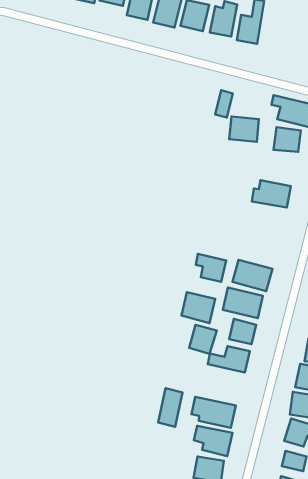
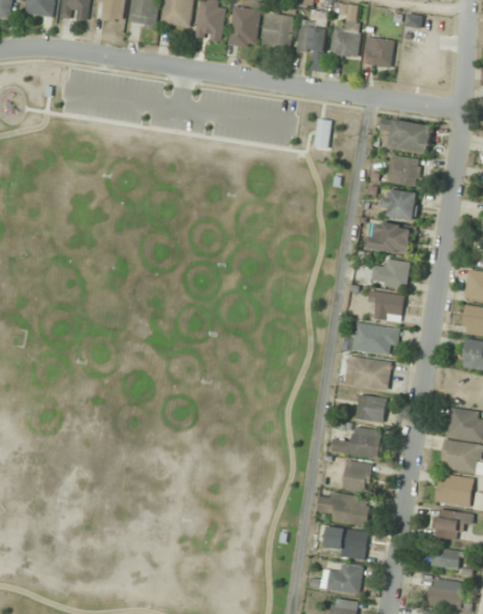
building: none -> [362,35,396,68]
building: [229,117,259,142] -> [384,191,417,218]
building: none -> [386,260,409,285]
building: [196,254,226,282] -> [368,290,404,321]
building: [182,292,215,323] -> none
building: [189,325,217,354] -> [342,459,373,493]
building: [158,388,182,427] -> none

